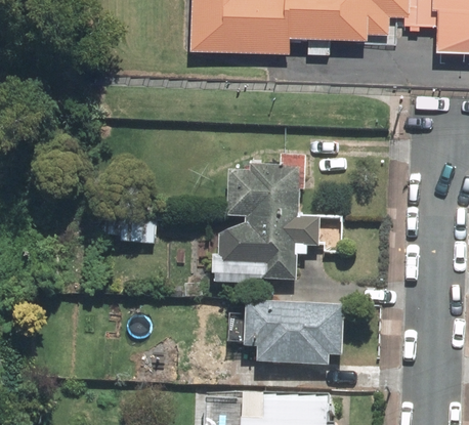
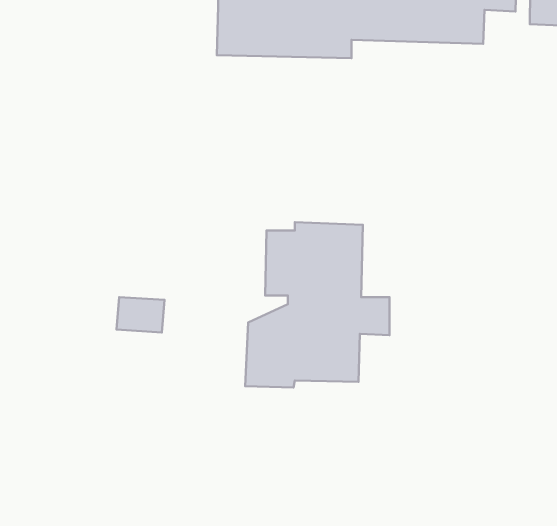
building: [244,301,343,366] -> none

